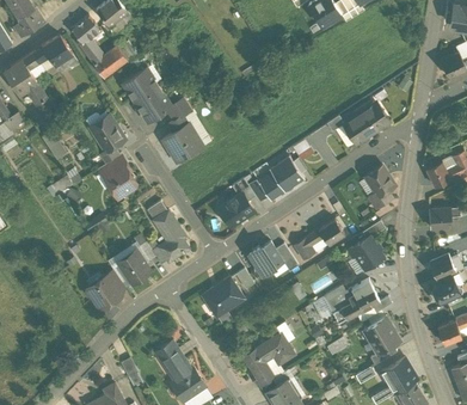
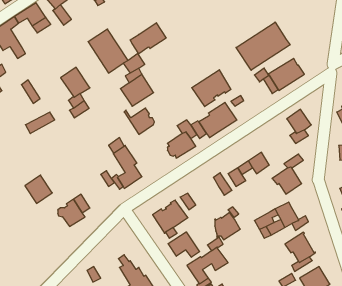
building: [92,45,127,76] -> none
building: none -> [236,22,290,70]
building: none -> [130,23,166,54]
building: none -> [192,70,231,107]
building: [97,164,134,196] -> [124,108,154,134]
building: [251,240,282,274] -> [215,212,240,240]
building: [116,247,149,282] -> [25,175,52,203]
building: none -> [168,232,200,257]

